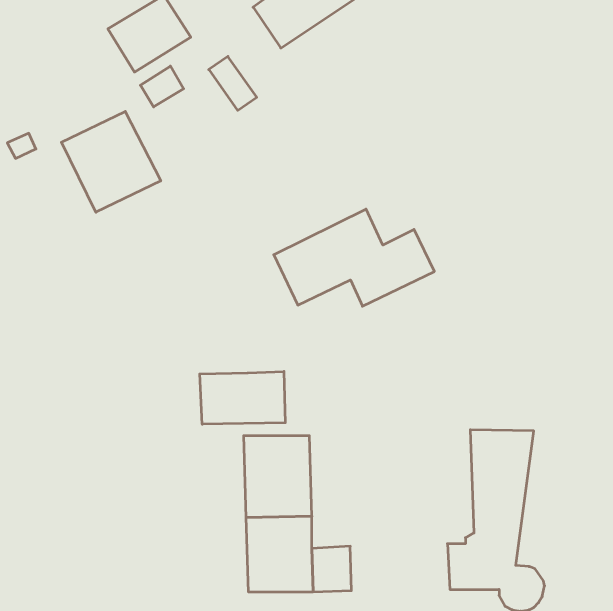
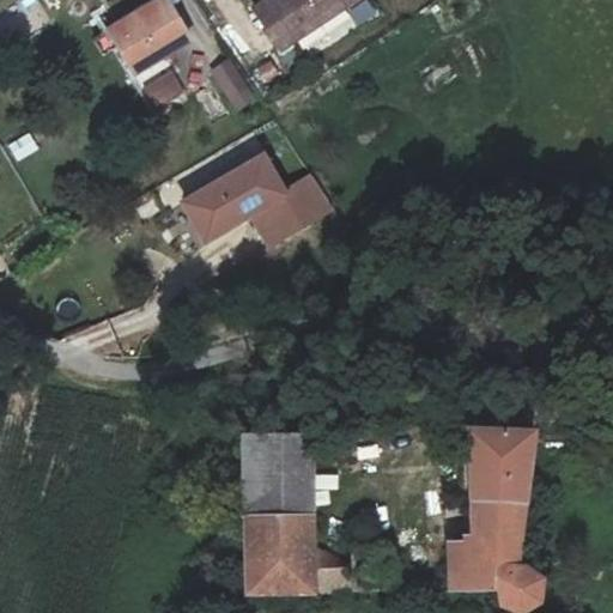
building: [61,111,161,212] -> none
building: [274,209,434,306] -> [174,151,334,248]
building: [200,371,285,424] -> none

